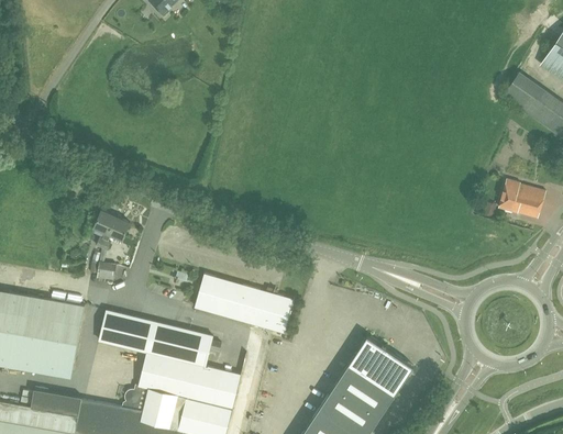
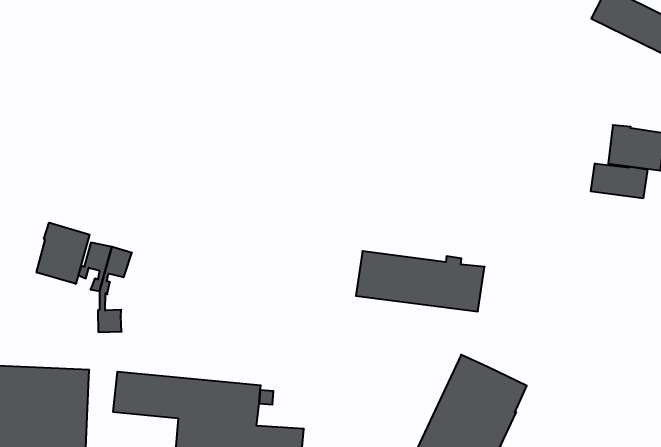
building: none -> [37,223,90,284]
building: none -> [591,163,648,198]
building: [194,274,294,332] -> [356,251,485,311]

